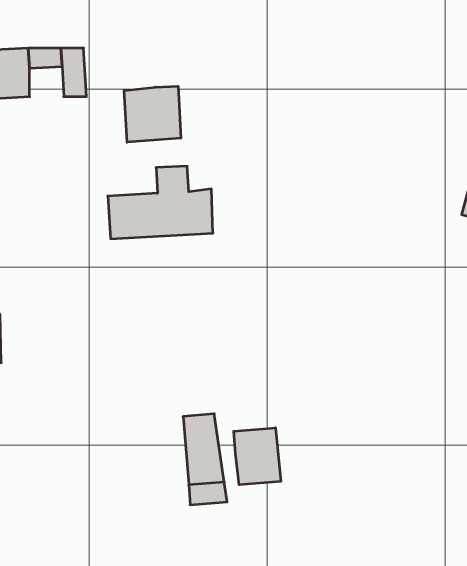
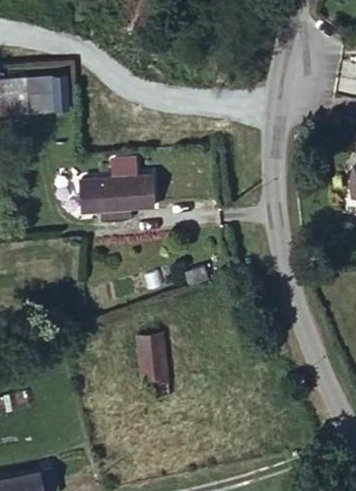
building: [124,86,181,142] -> none
building: [234,428,281,485] -> none

